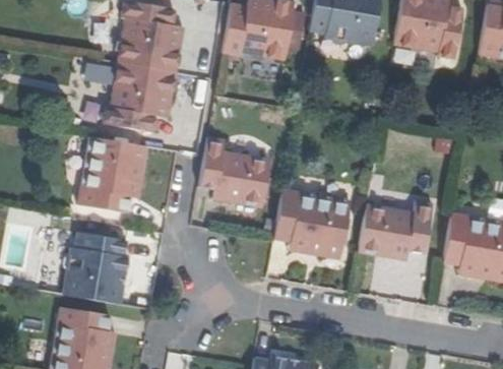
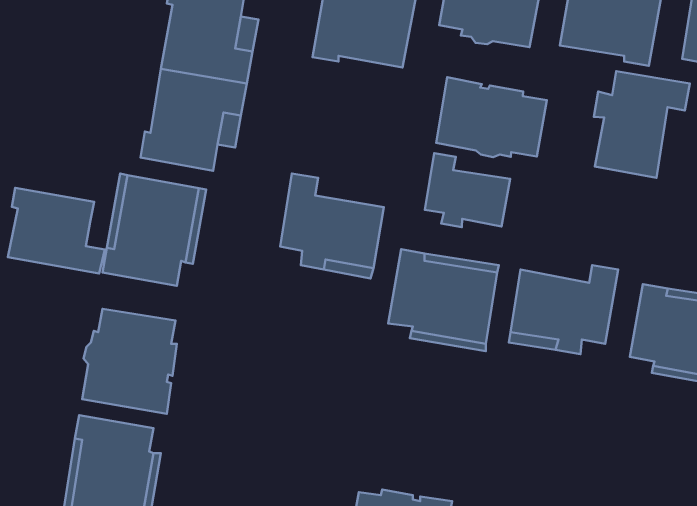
building: none -> [594,71,690,178]
building: none -> [436,77,547,157]
building: none -> [425,153,510,227]
building: none -> [8,188,105,274]

